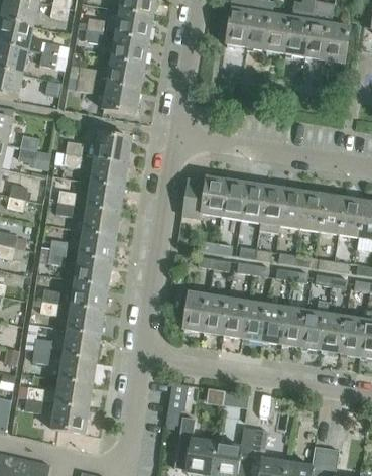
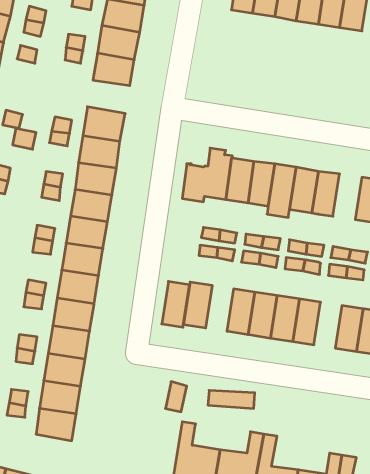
building: [319,193,345,234] -> none
building: [204,293,229,335] -> [162,281,190,327]
building: [301,301,328,350] -> none

